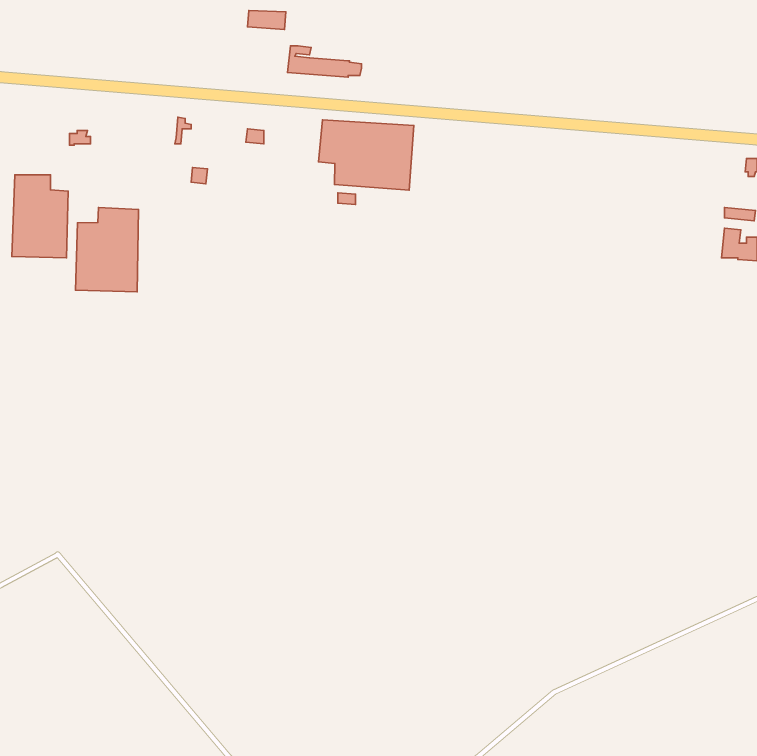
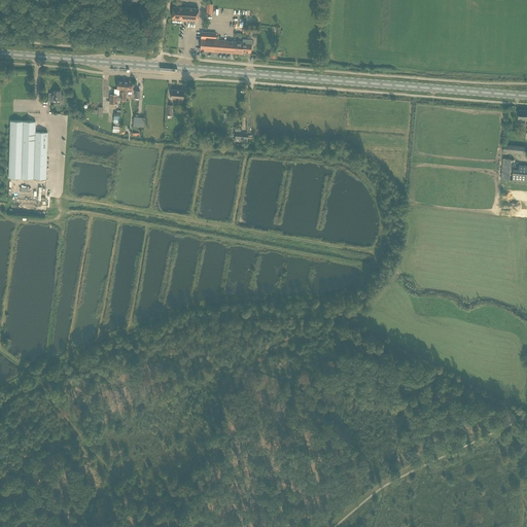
building: [318,120,414,190] -> none
building: [75,208,138,292] -> none

